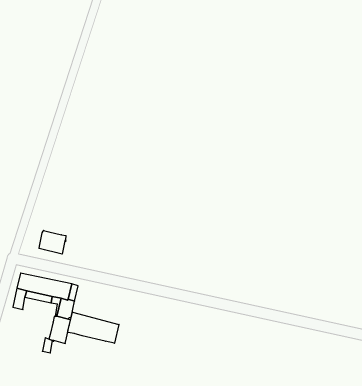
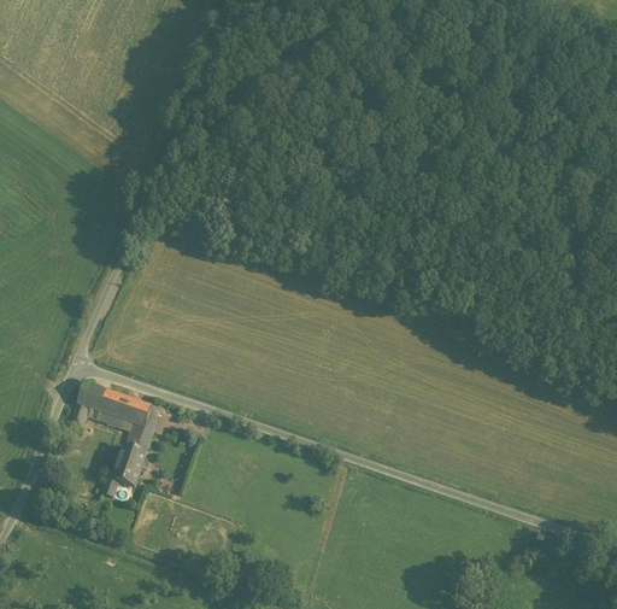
building: [39,230,66,254] -> none
building: [68,312,119,343] -> none

